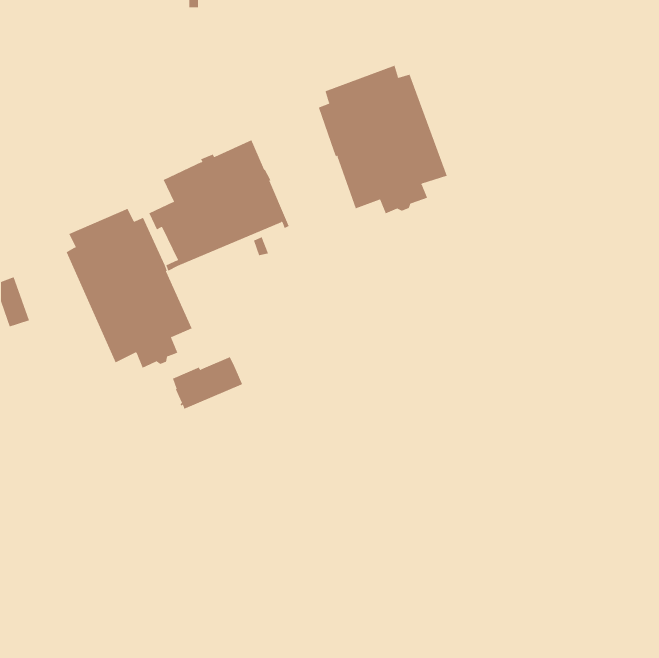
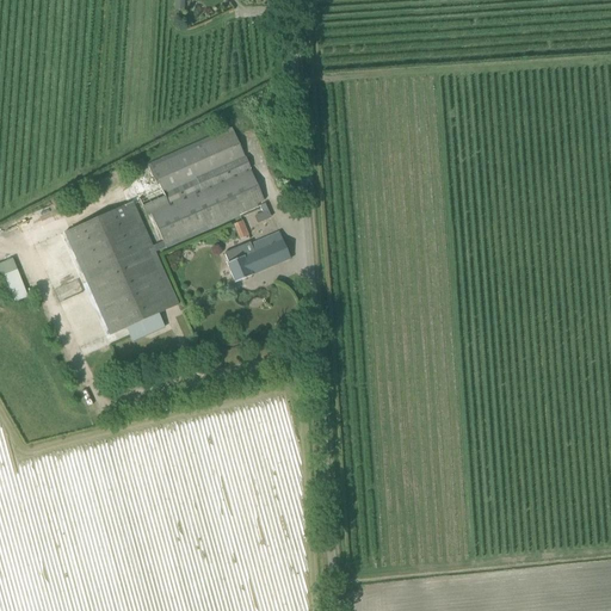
building: [318,65,447,214] -> none
building: [172,356,243,409] -> [226,232,291,280]

